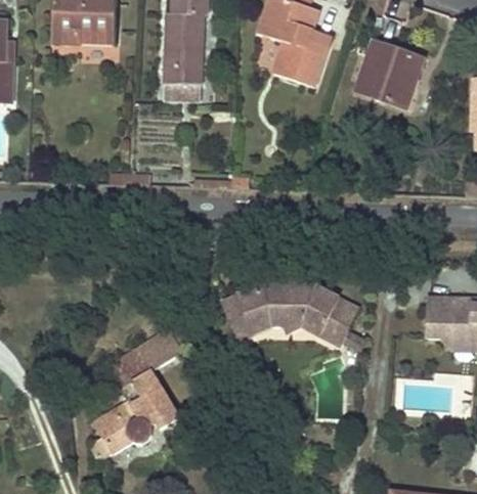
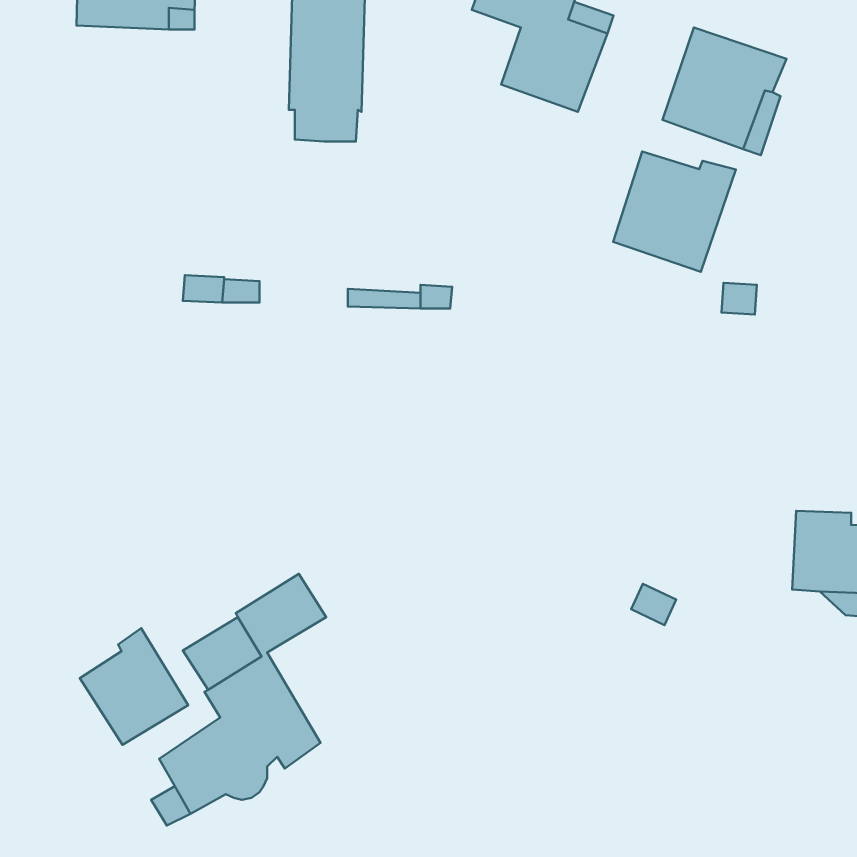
building: none -> [613,151,736,272]
building: [224,288,352,352] -> none
building: none -> [80,628,188,745]

